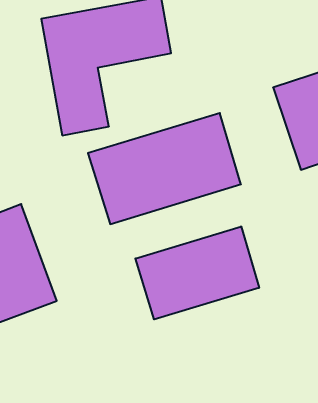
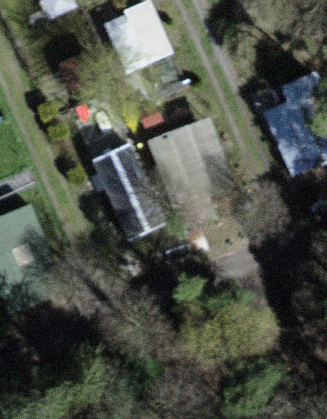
building: [135,226,259,319] -> none

